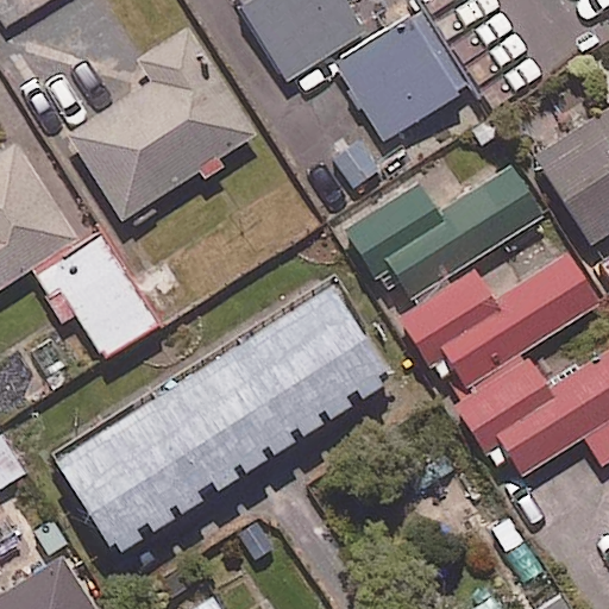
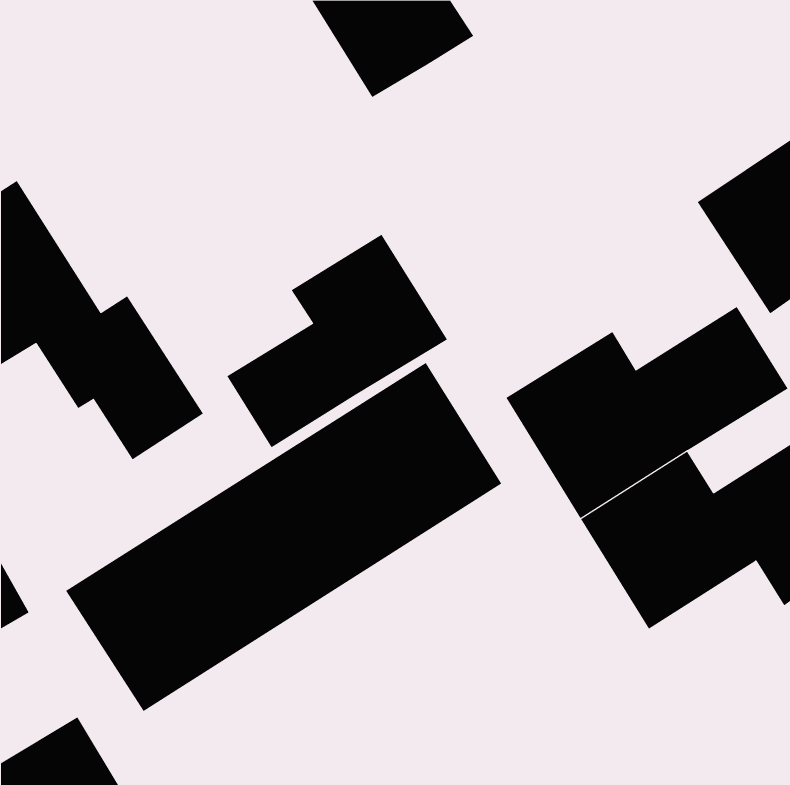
building: [337,12,471,145] -> none
building: [70,27,256,220] -> none
building: [339,161,550,312] -> none
building: none -> [226,234,448,448]

